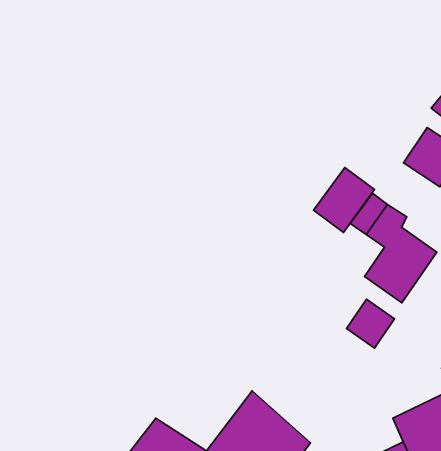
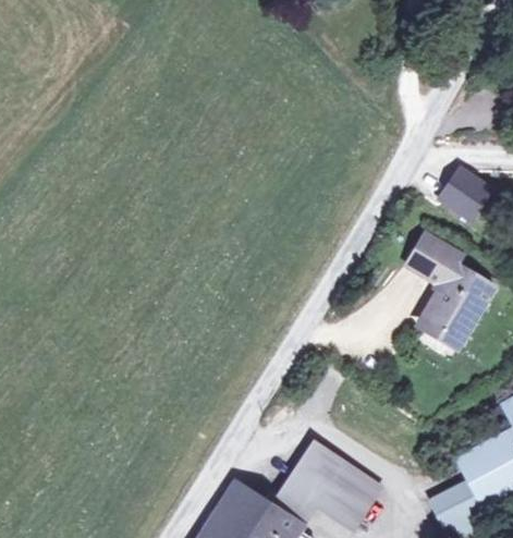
building: [314,167,375,232] -> none
building: [346,299,394,348] -> none

